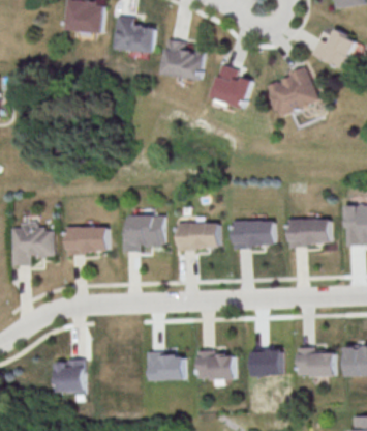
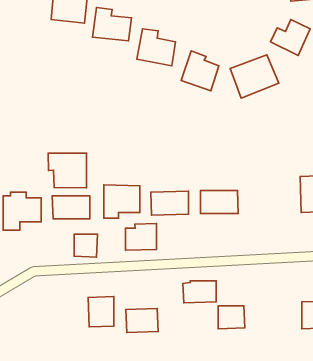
building: none -> [48,153,87,188]
building: [286,219,329,246] -> none
building: none -> [125,224,156,250]
building: none -> [74,234,97,257]
building: [297,348,334,376] -> none
building: [196,354,234,379] -> [183,281,216,303]
building: [55,360,84,394] -> [88,296,114,327]

